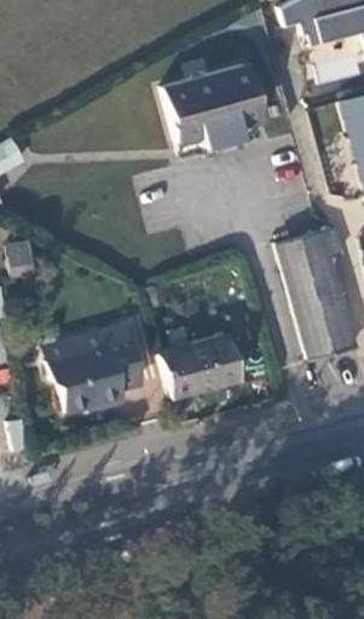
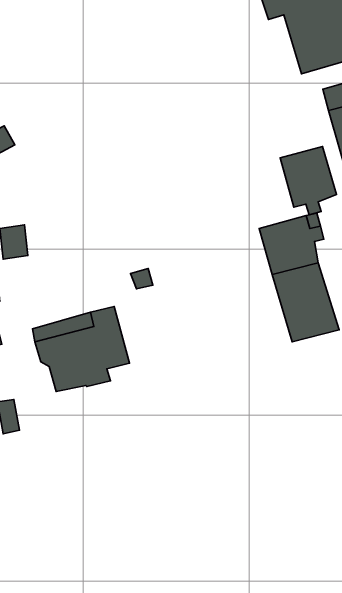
building: [162,66,259,141] -> none
building: none -> [280,147,336,215]
building: [160,336,239,399] -> none

